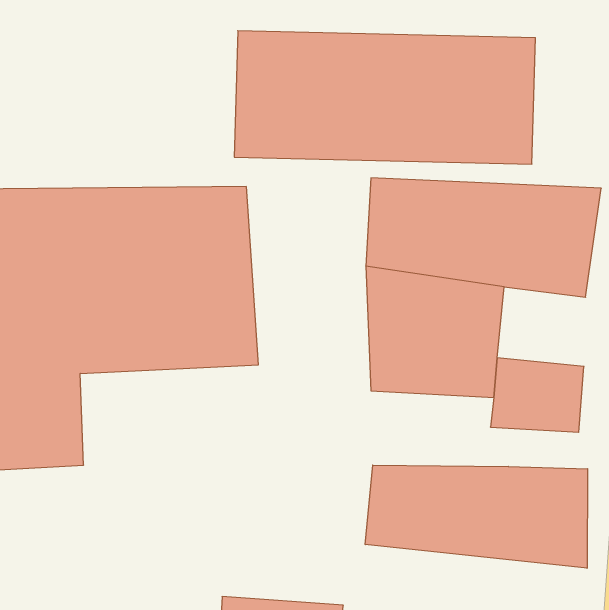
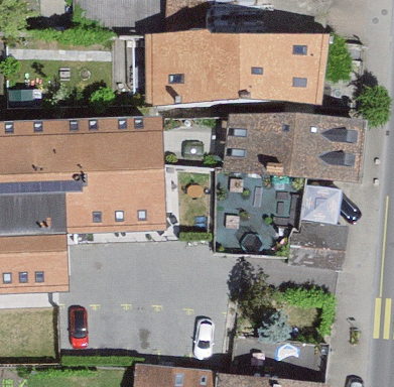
building: [365,465,588,568] -> none

